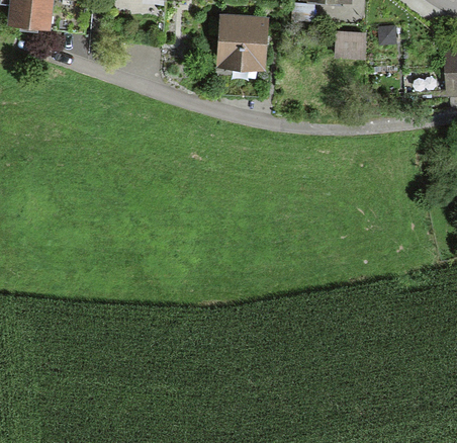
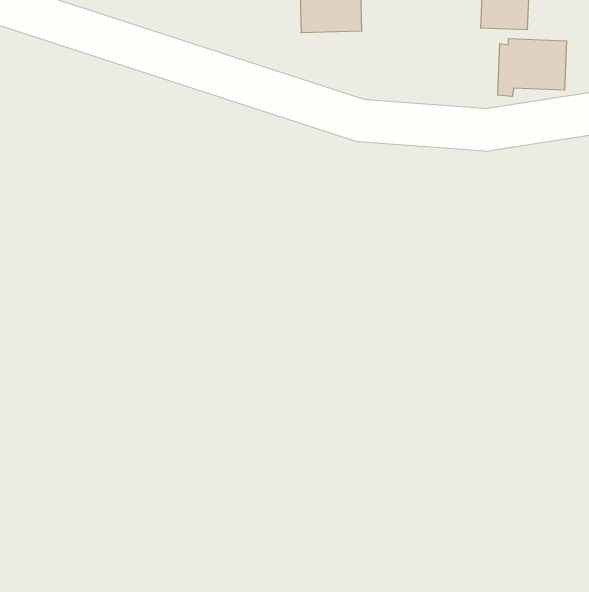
building: none -> [498,39,566,97]

